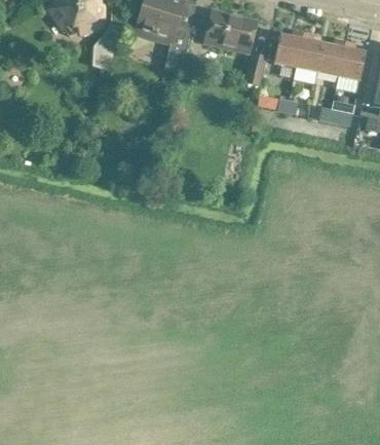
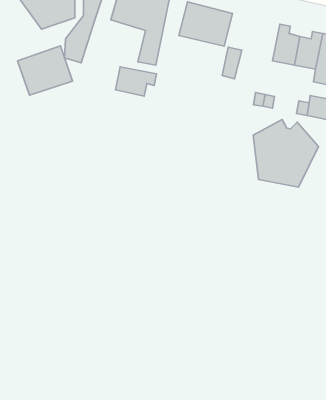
building: [273,29,302,67] -> none
building: none -> [17,46,73,95]
building: none -> [116,67,156,96]
building: none -> [253,120,318,187]

